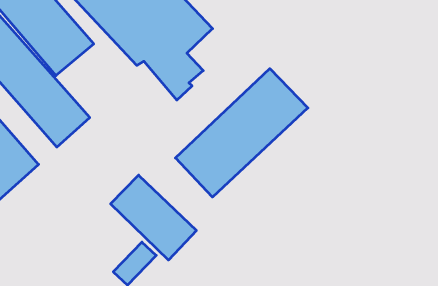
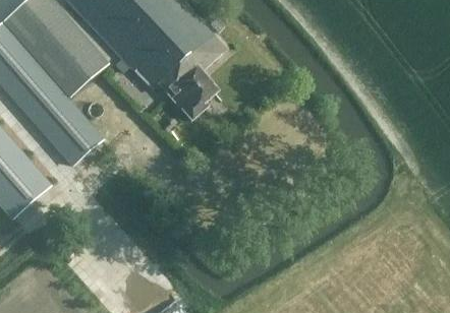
building: [175,69,308,197] -> none
building: [111,175,196,260] -> none

